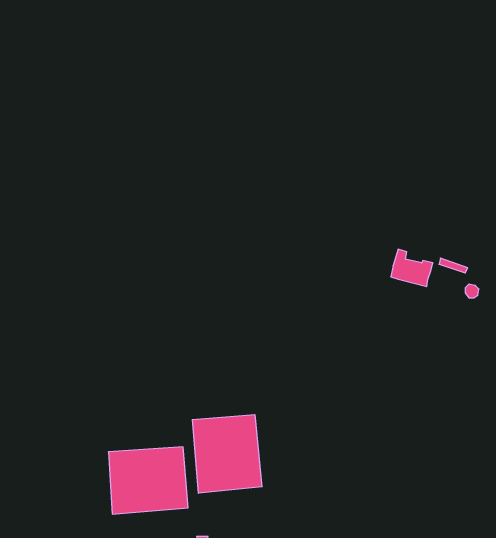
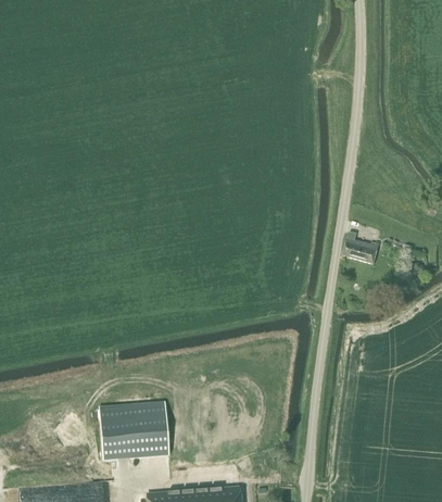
building: [192,415,262,493] -> none

